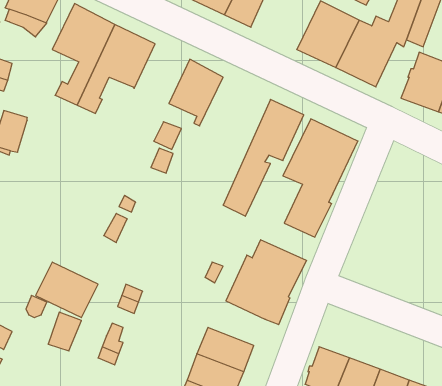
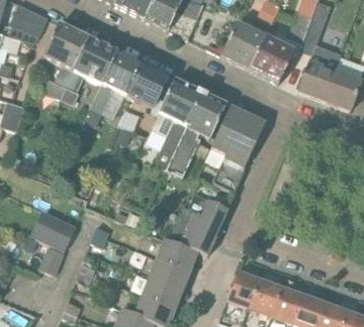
building: none -> [84,51,143,126]
building: none -> [154,79,201,169]
building: none -> [156,236,197,270]

